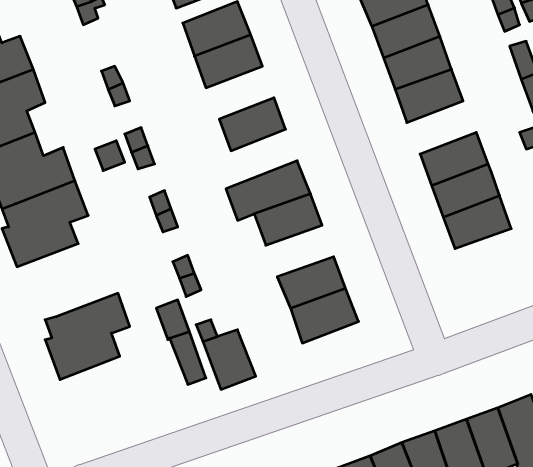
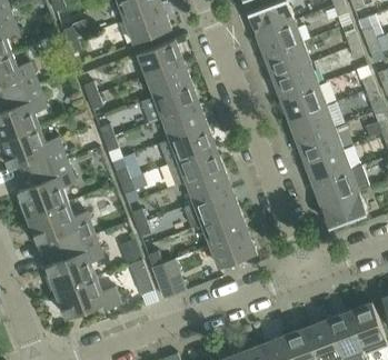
building: none -> [141,82,199,123]
building: none -> [288,106,335,141]
building: none -> [159,124,215,164]
building: none -> [183,189,239,228]
building: none -> [320,191,367,227]
building: none -> [27,201,94,252]
building: none -> [56,277,120,318]

